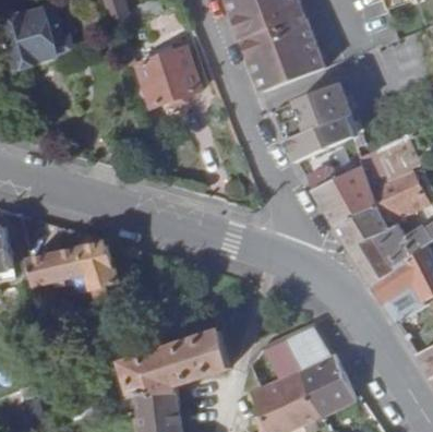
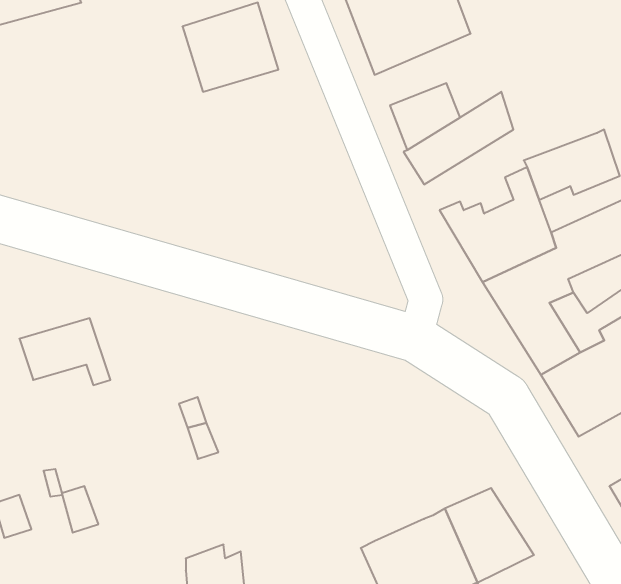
building: [80,240,120,297] -> none
building: [282,322,335,372] -> none
building: [128,329,227,399] -> none

